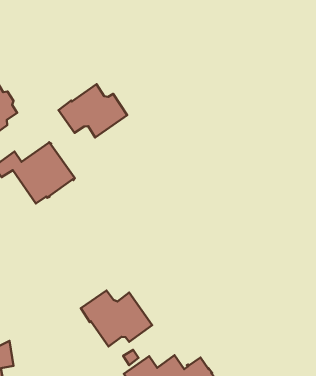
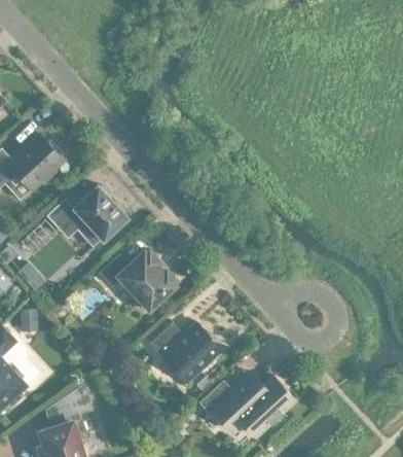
building: [58,84,127,137] -> none
building: none -> [100,251,176,311]

